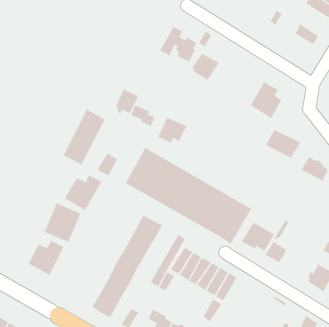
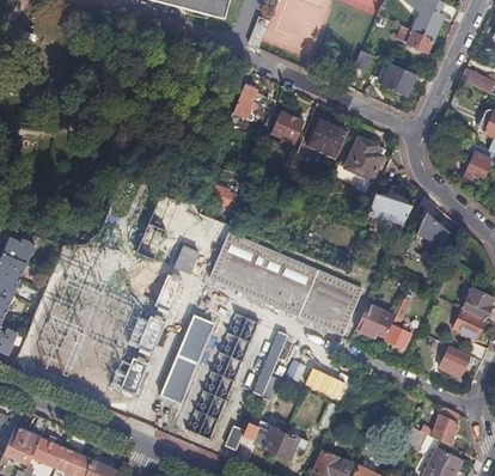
building: none -> [308,118,348,158]
building: [115,89,138,114] -> none
building: [157,117,187,144] -> none
building: none -> [160,316,213,402]

